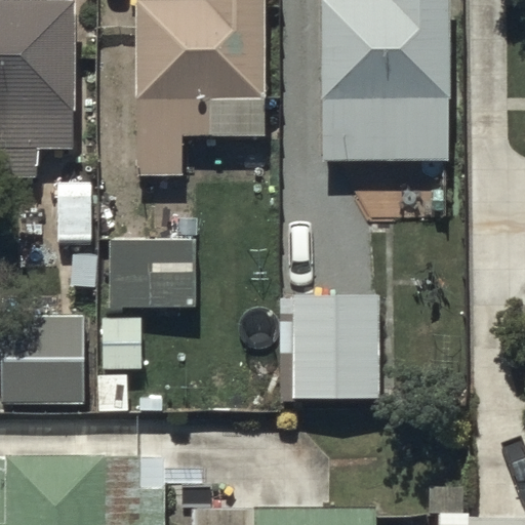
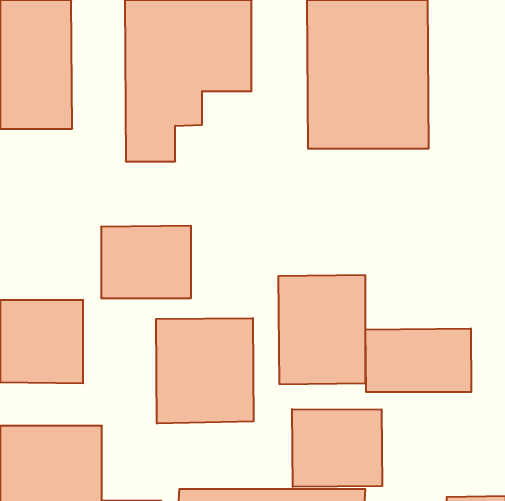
building: none -> [156,318,254,424]
building: none -> [365,328,471,392]
building: none -> [292,409,382,487]

